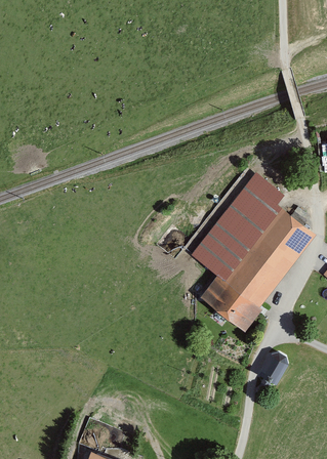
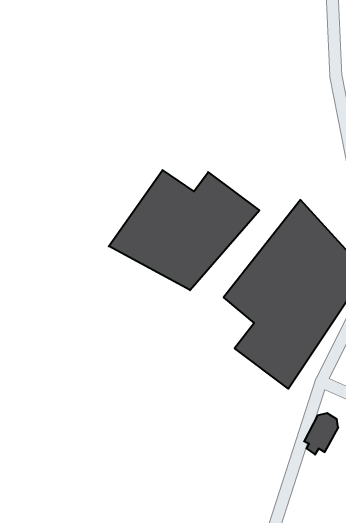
building: none -> [109,170,259,290]

